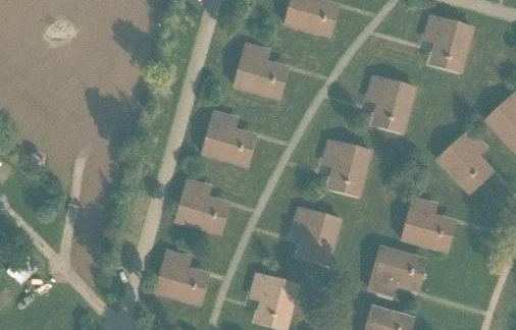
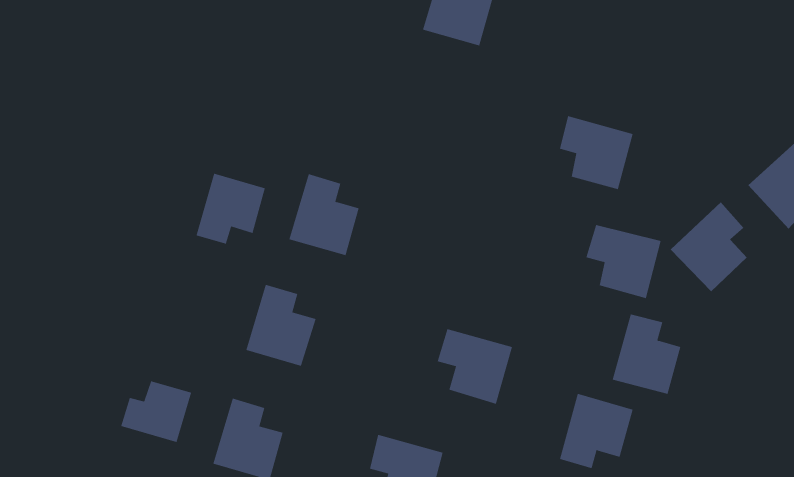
building: [426,16,472,63] -> none
building: [235,46,277,96] -> none
building: none -> [196,173,265,244]
building: [324,142,371,187] -> [586,224,662,299]
building: none -> [120,380,192,443]

